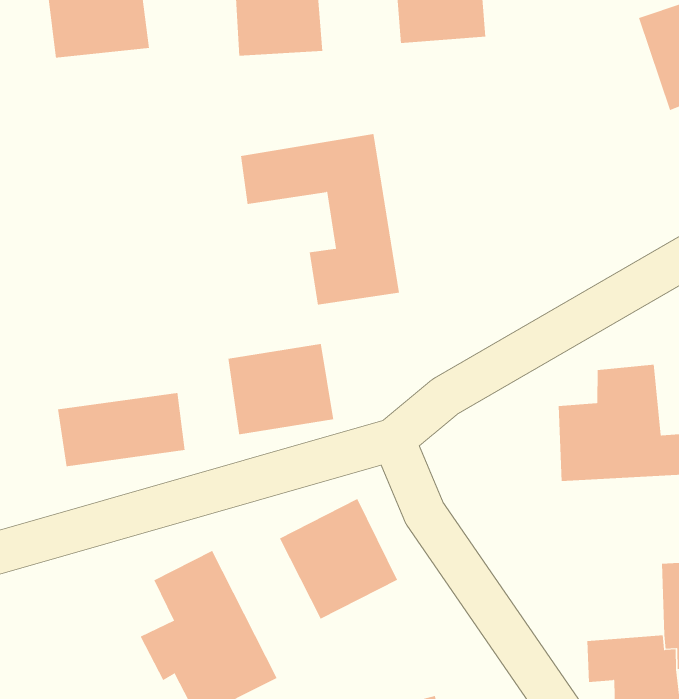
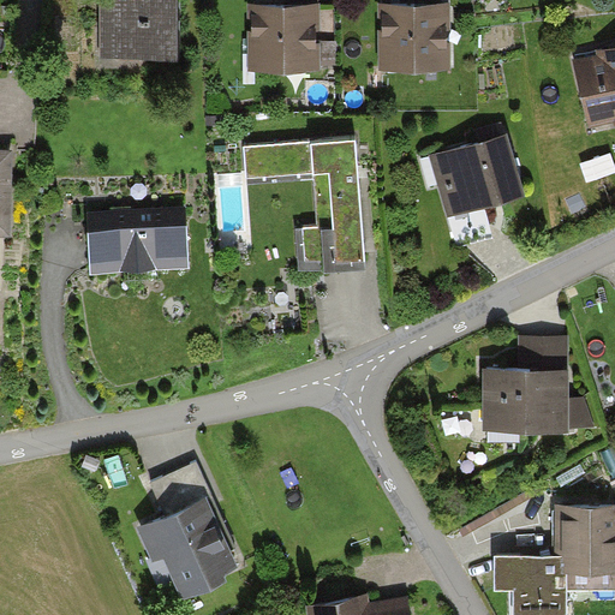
building: none -> [432,132,523,215]
building: [228,343,334,435] -> none
building: [57,393,186,467] -> [86,221,187,274]
building: [279,498,398,619] -> none

